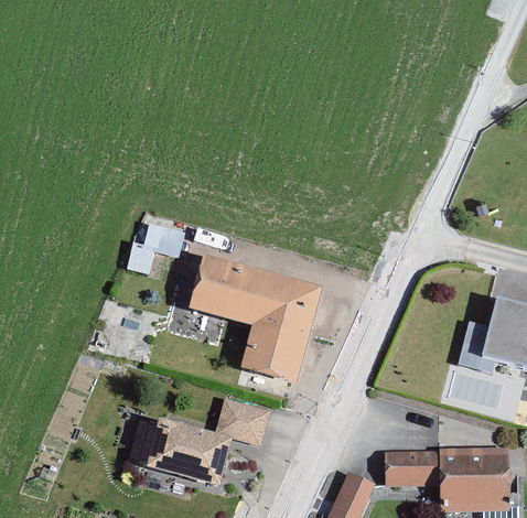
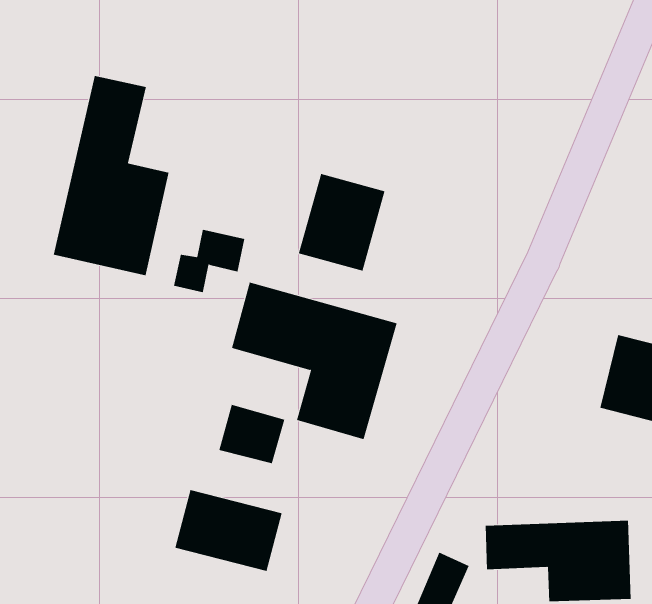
building: none -> [53,75,169,276]
building: none -> [298,173,385,271]
building: [218,396,271,443] -> [219,404,285,464]

